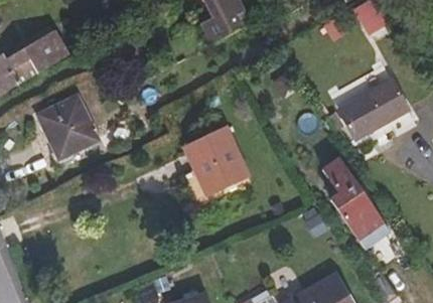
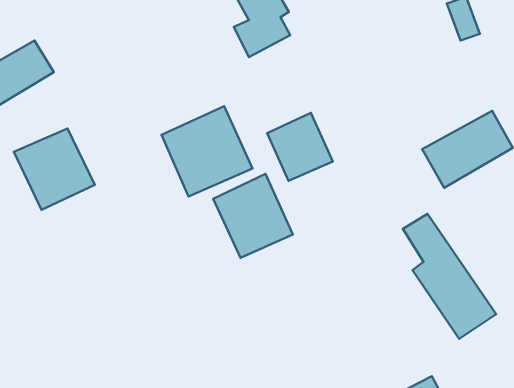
building: none -> [161,106,252,196]
building: none -> [267,113,333,181]

